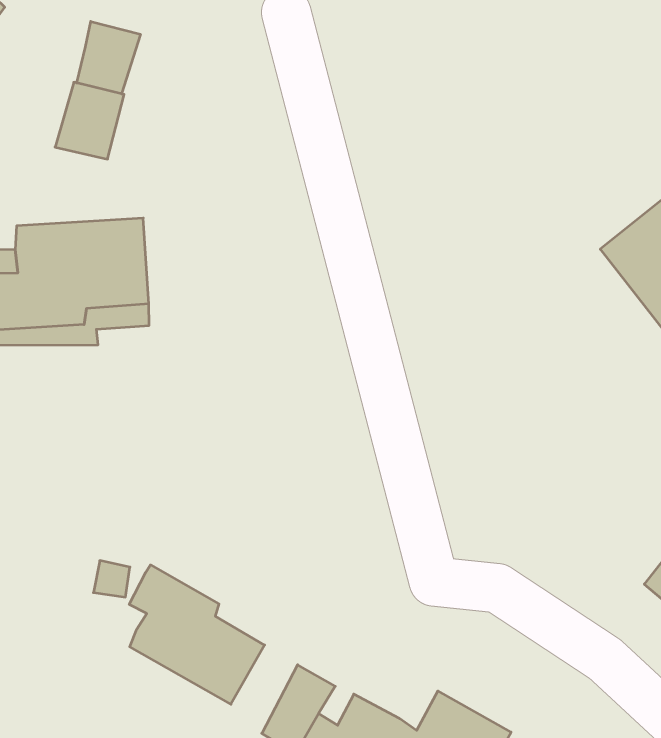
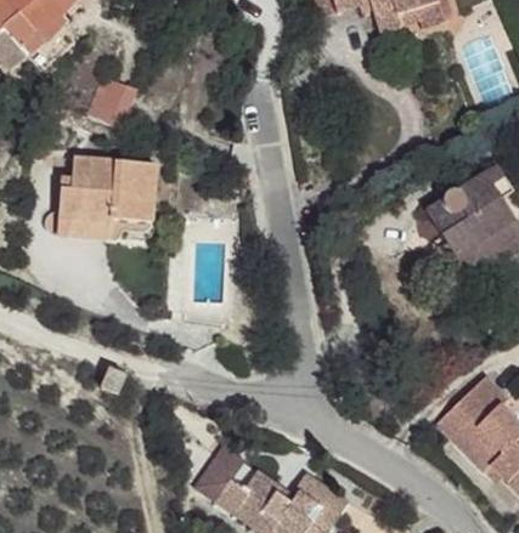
building: [77,21,140,94] -> none
building: [129,565,265,704] -> none

